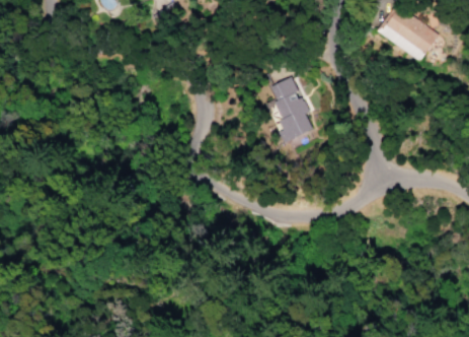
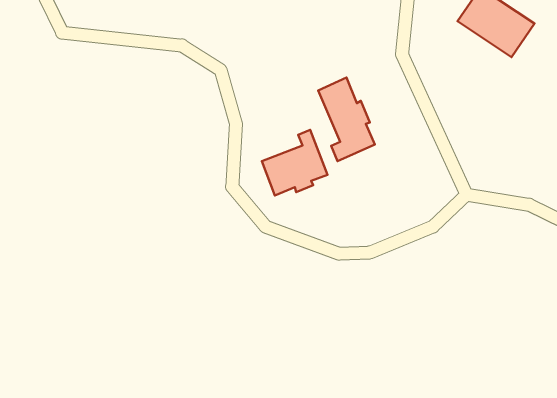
building: none -> [262,130,328,196]

